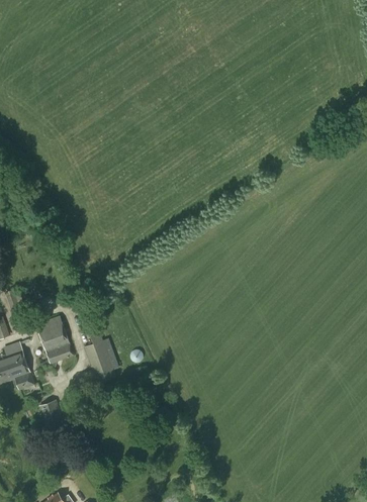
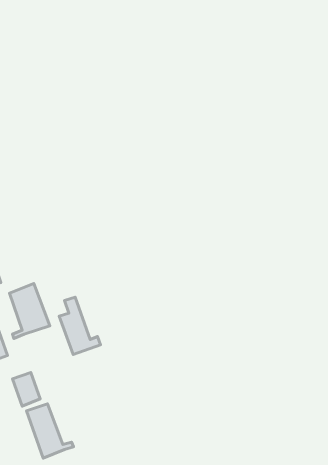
building: none -> [26,404,74,458]

